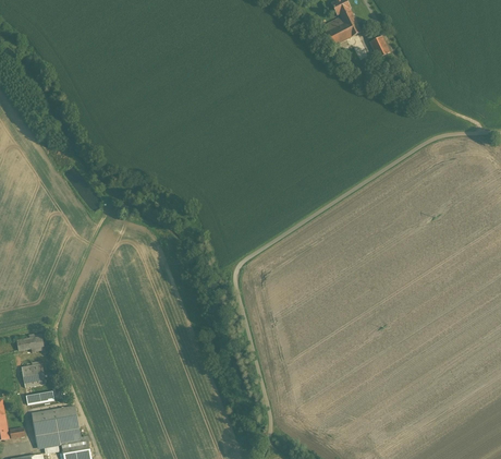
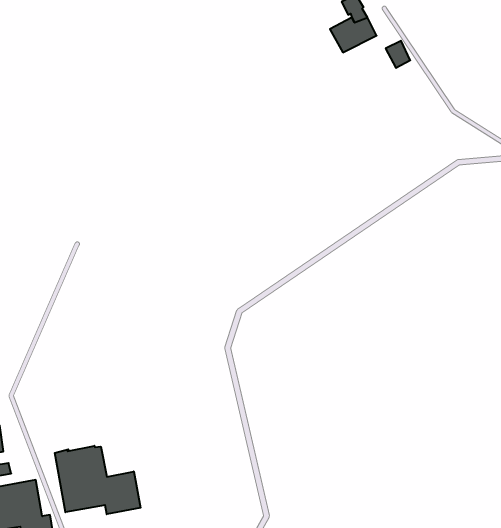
building: none -> [55,446,141,514]

